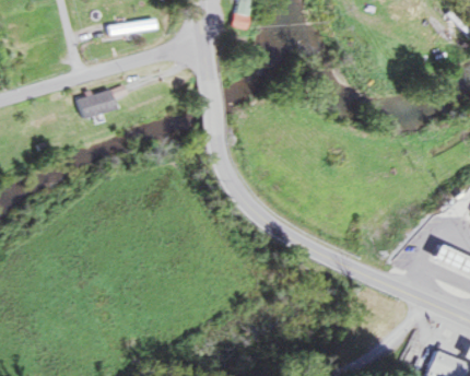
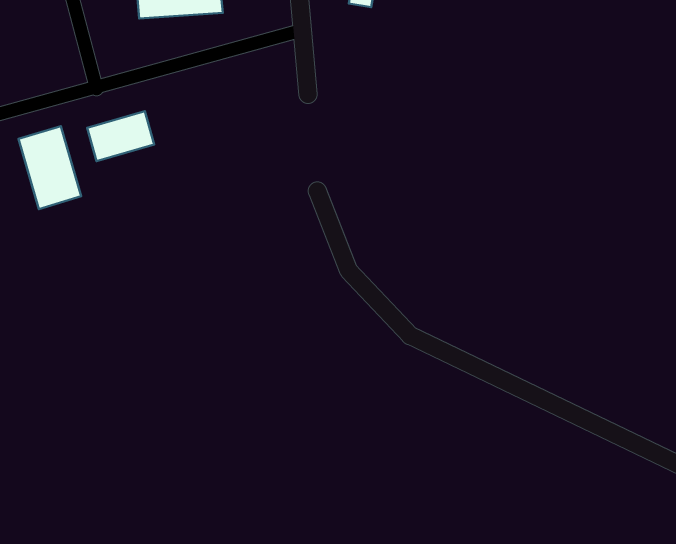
building: none -> [19,126,81,209]

